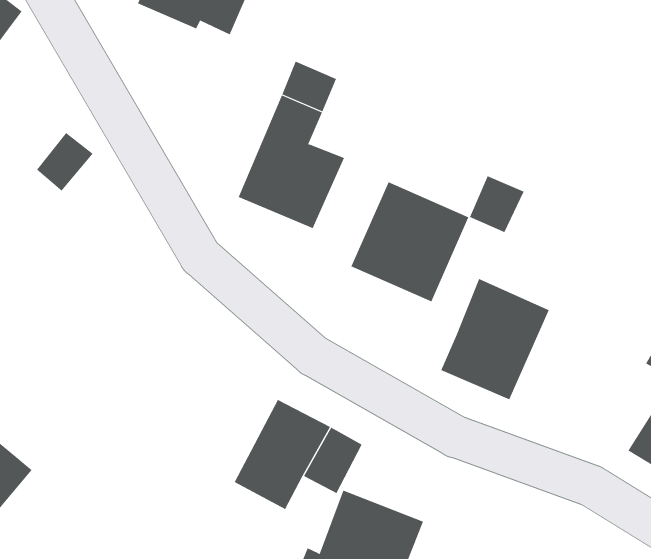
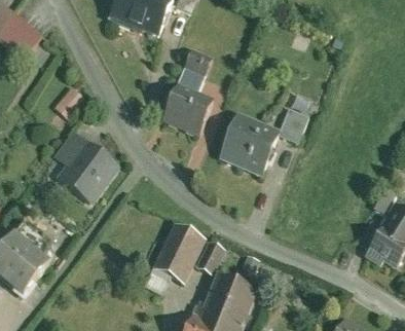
building: none -> [44,130,118,200]
building: [440,278,549,400] -> none

